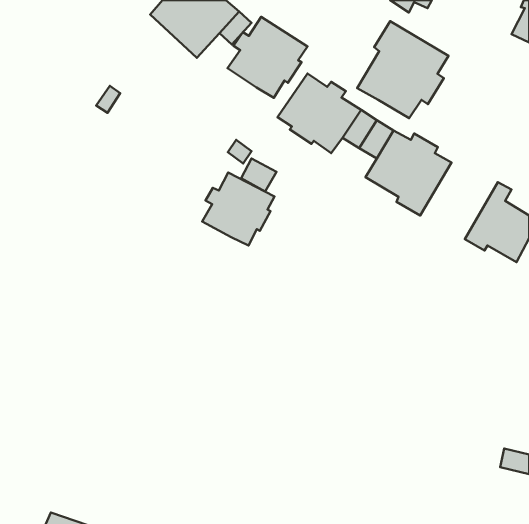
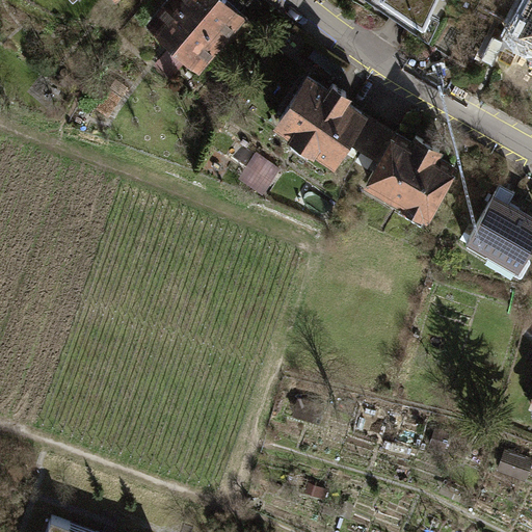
building: [227,17,308,98] -> none
building: [357,21,448,118] -> none
building: [202,172,275,246] -> none

